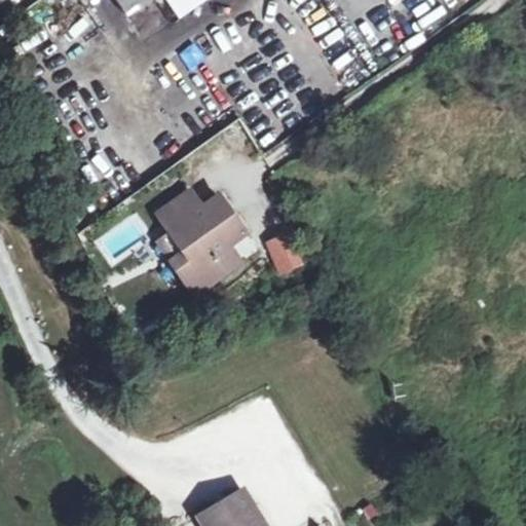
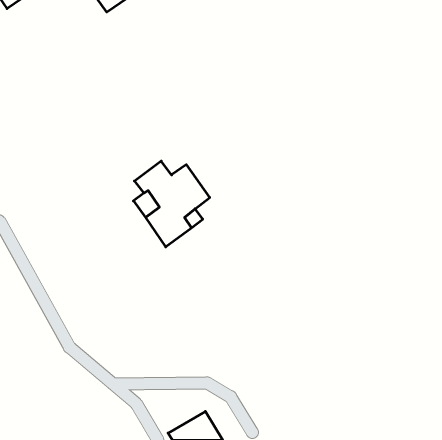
building: [263,229,301,274] -> none

